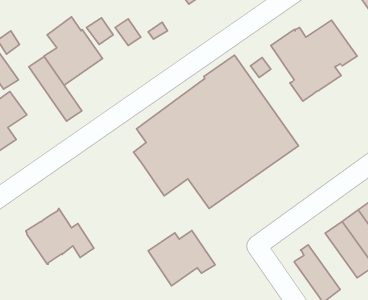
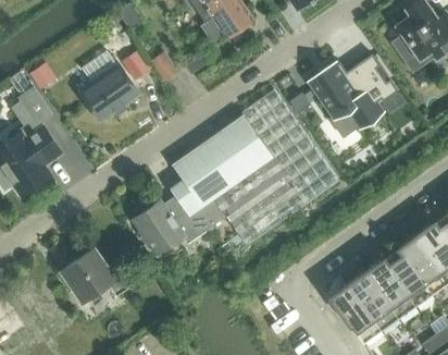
building: [29,57,82,121] -> none
building: [148,231,215,286] -> [133,198,201,255]
building: none -> [348,271,398,329]

